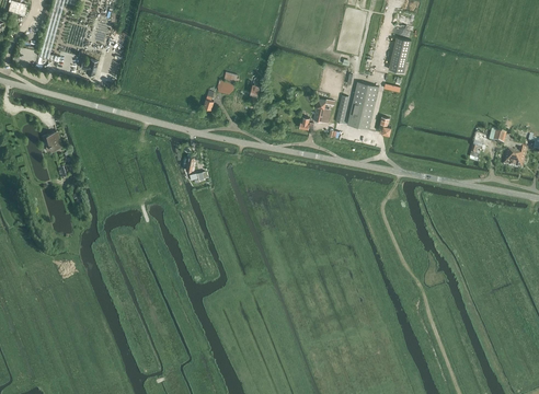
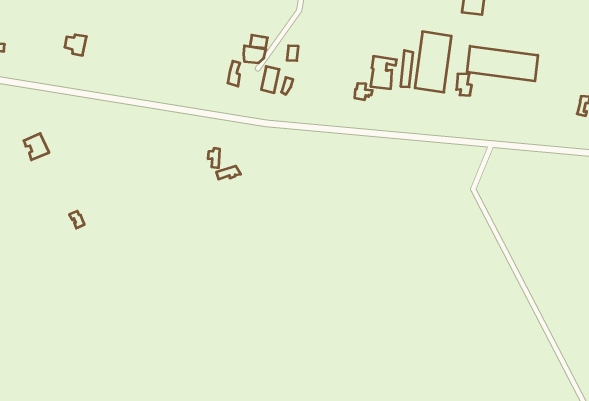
building: none -> [467,46,538,81]

